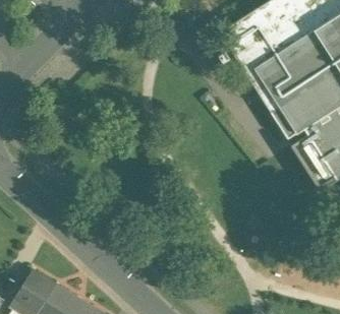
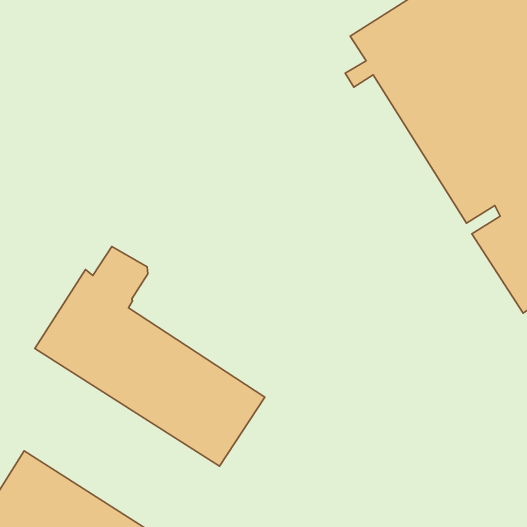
building: none -> [35,246,265,466]

